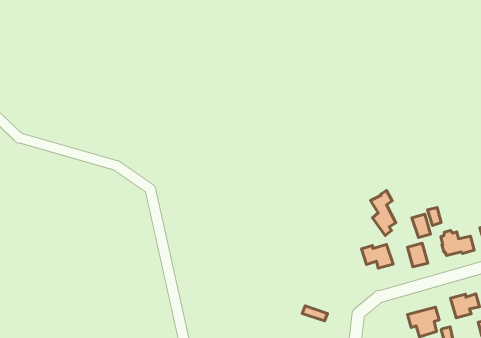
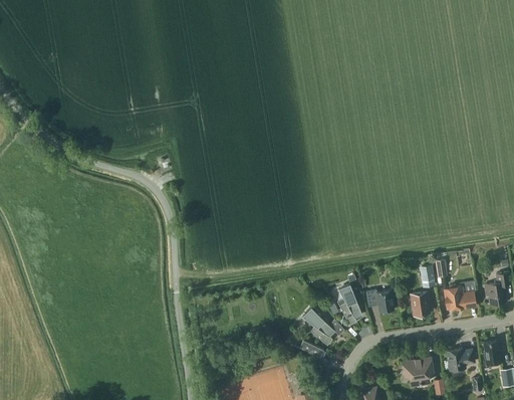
building: [370,190,396,236] -> [339,281,361,326]
building: none -> [302,307,344,346]

